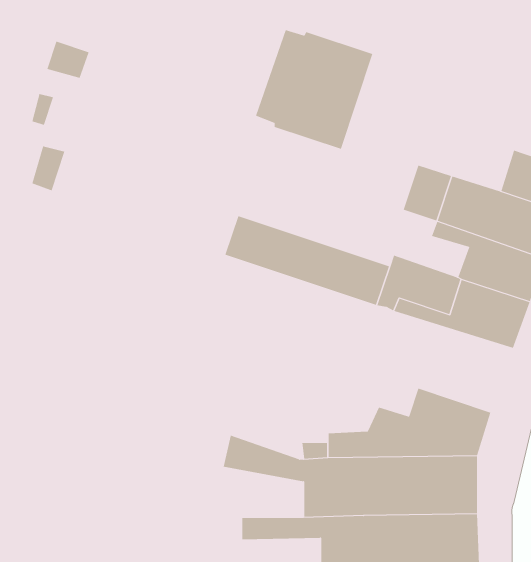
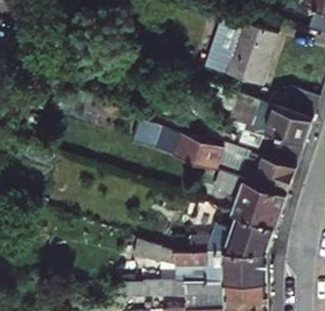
building: [255,29,373,150] -> [211,21,274,85]
building: none -> [211,170,285,226]

